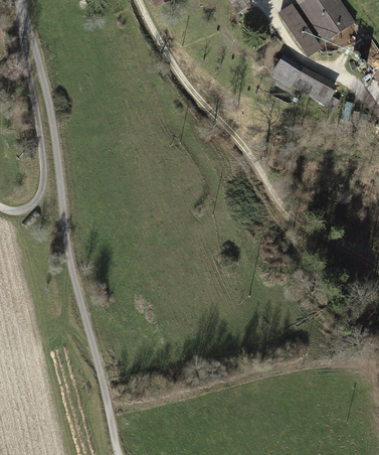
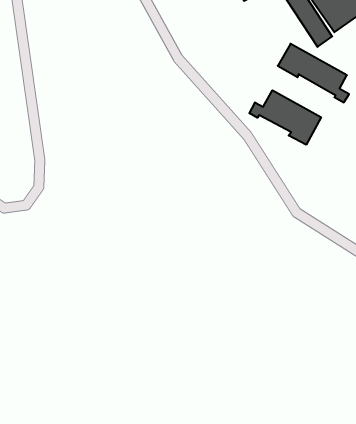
building: none -> [249,90,321,145]

